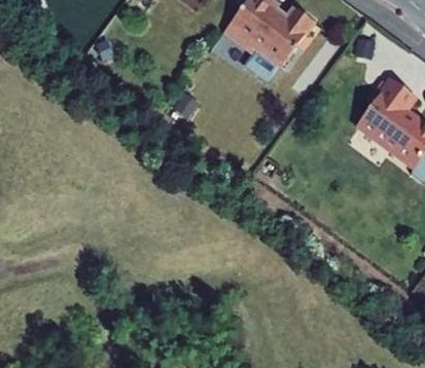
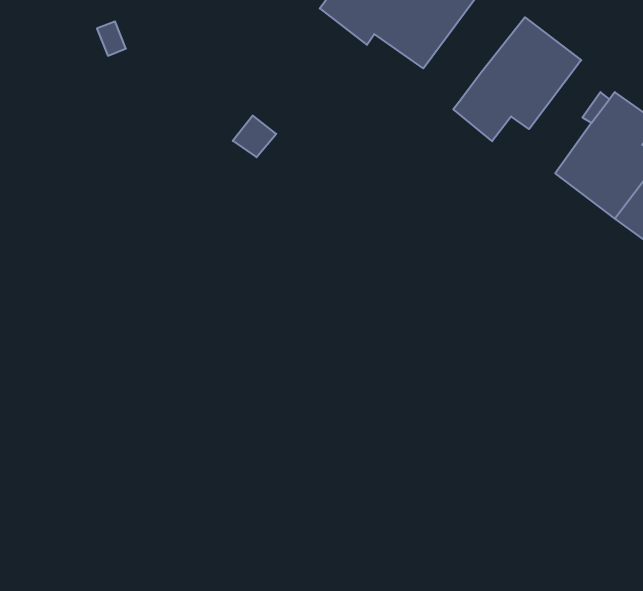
building: none -> [453,17,581,141]

